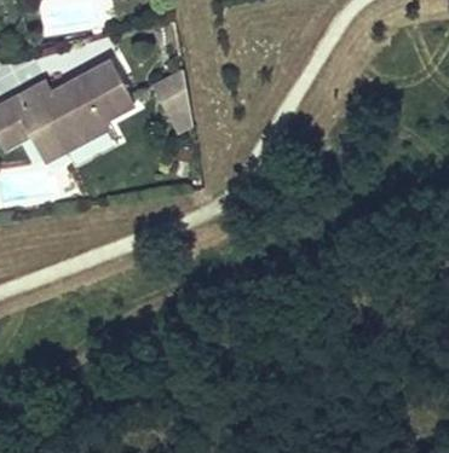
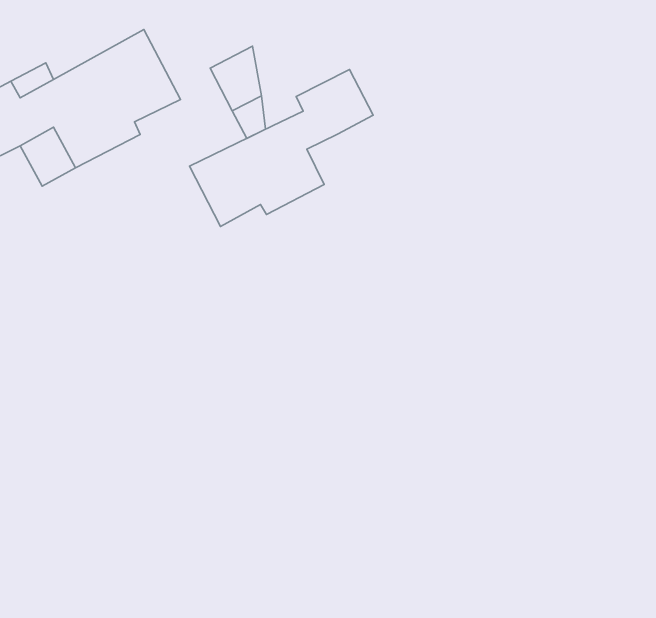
building: none -> [190,69,373,227]

